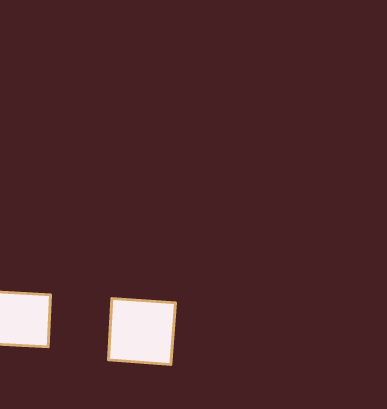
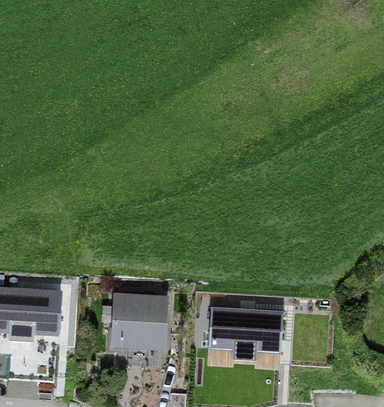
building: none -> [209,310,283,355]

